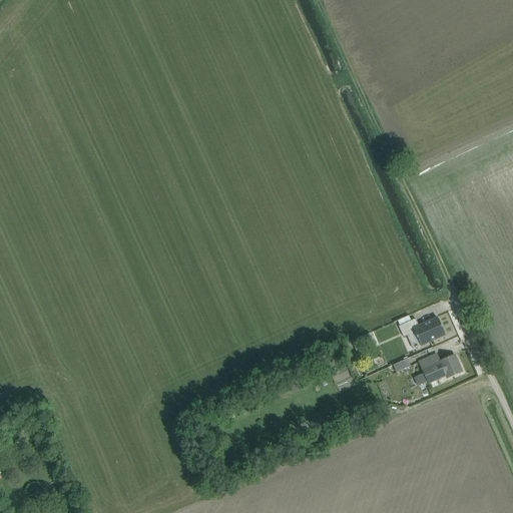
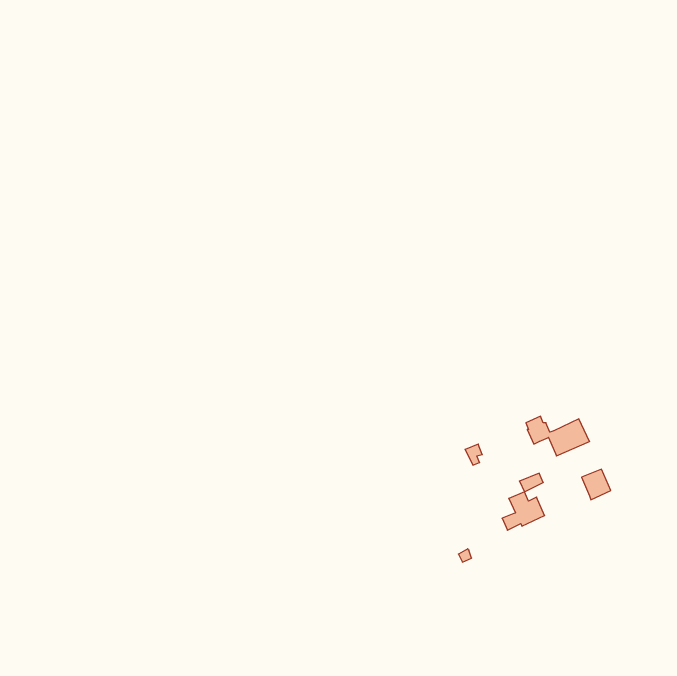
building: [414,357,446,386] -> [502,492,545,530]

